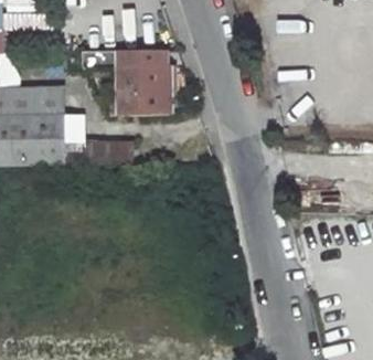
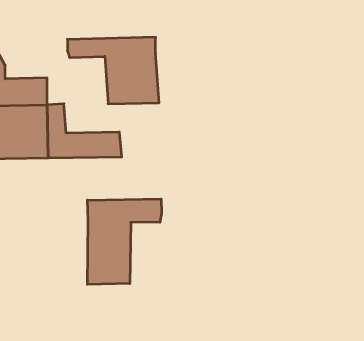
building: none -> [87,199,162,284]

